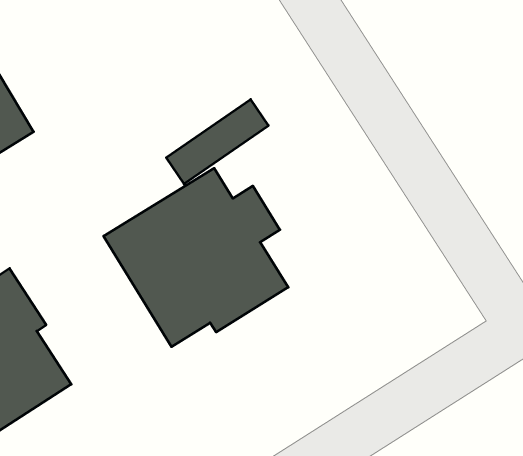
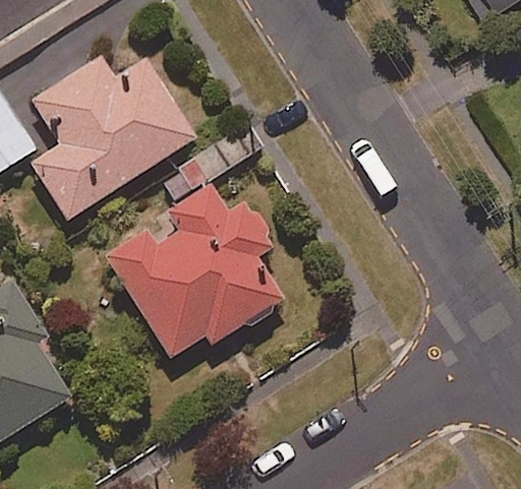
building: none -> [27,55,195,221]

